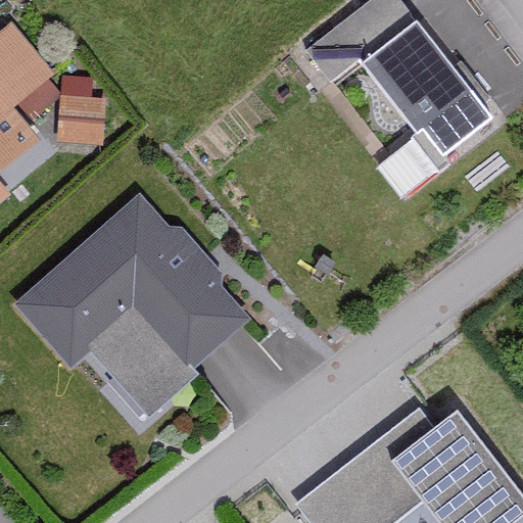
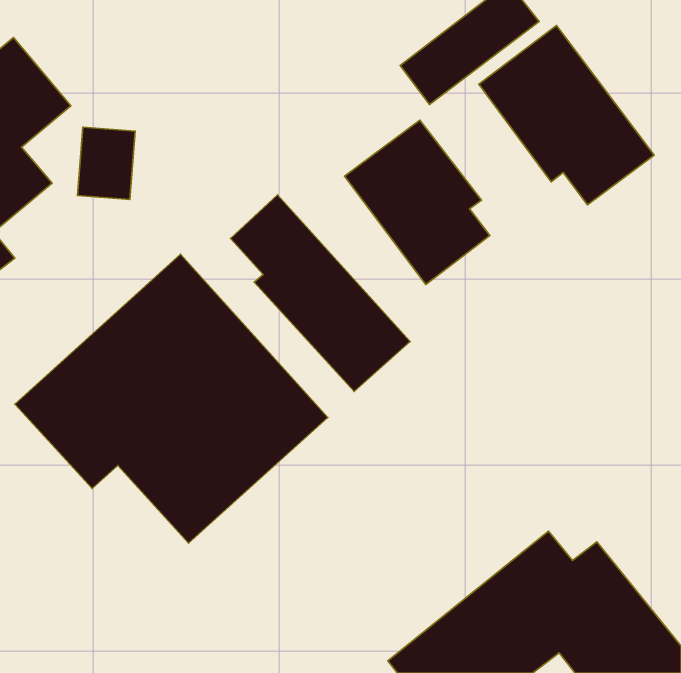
building: none -> [345,120,490,284]
building: none -> [230,195,410,392]

